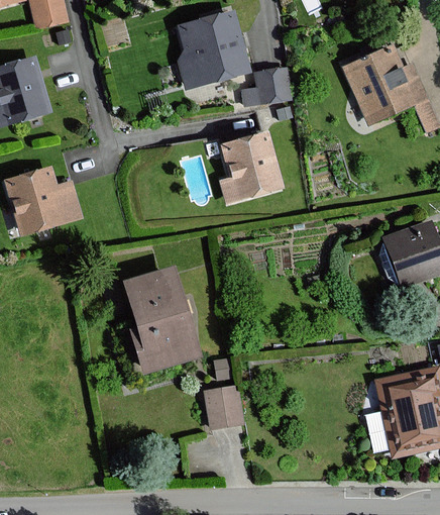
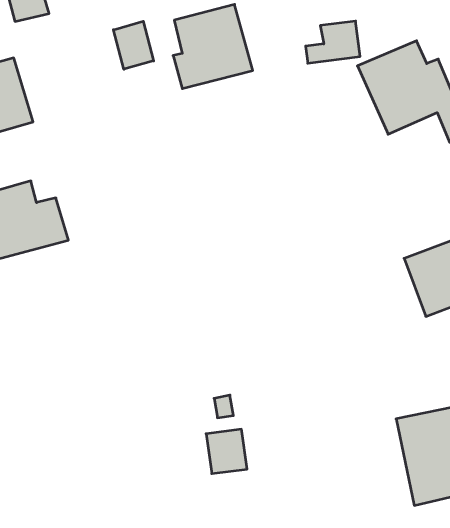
building: none -> [113,21,154,69]
building: [242,67,291,104] -> [306,21,360,63]
building: [219,130,282,203] -> none
building: [122,266,198,372] -> none

